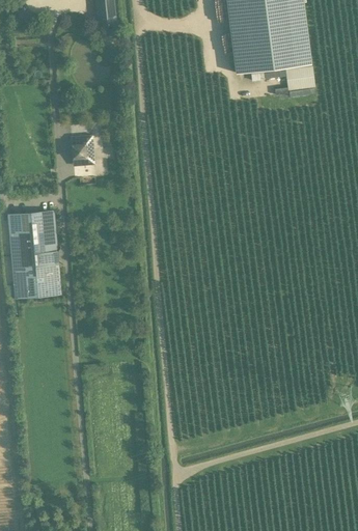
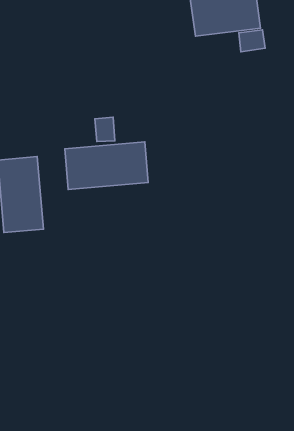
building: [72,136,94,164] -> [95,117,115,142]
building: none -> [65,142,148,189]

